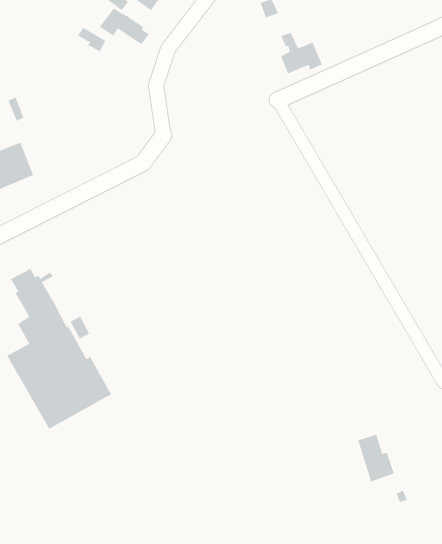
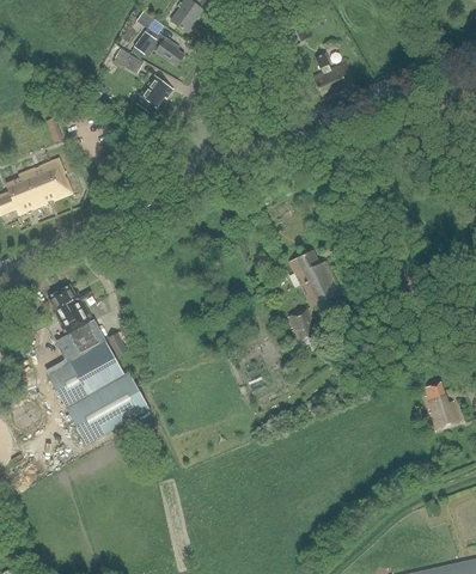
building: none -> [138,78,173,117]
building: none -> [287,250,343,343]
building: [357,434,395,482] -> [422,381,459,429]

